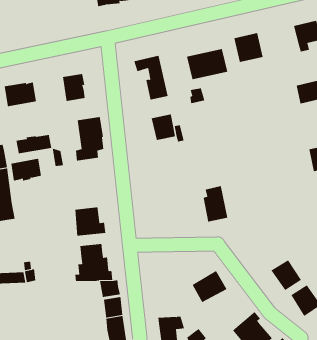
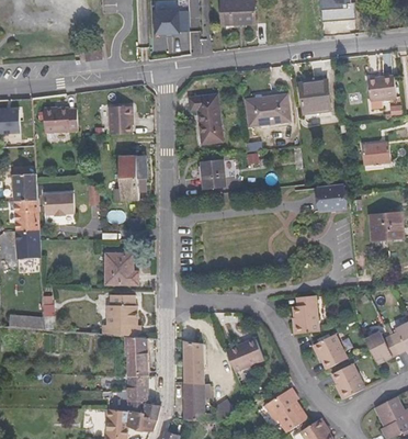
building: none -> [317,180,345,211]
building: [16,134,52,154] -> none
building: [203,186,228,222] -> [293,295,318,334]
building: none -> [182,340,204,383]

